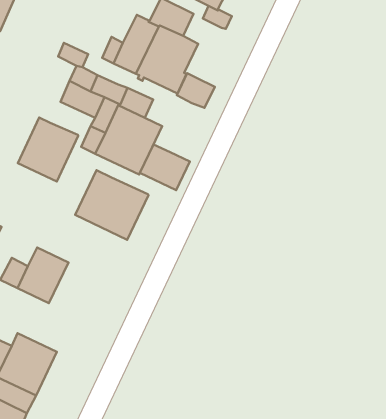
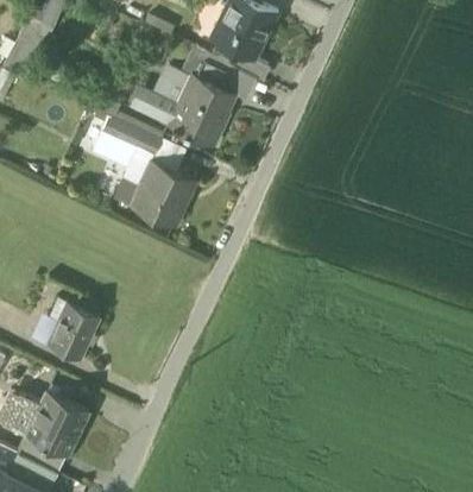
building: [177,73,215,108] -> [219,63,258,99]
building: [18,117,78,181] -> none
building: [140,144,190,190] -> none
building: [75,170,149,240] -> none

